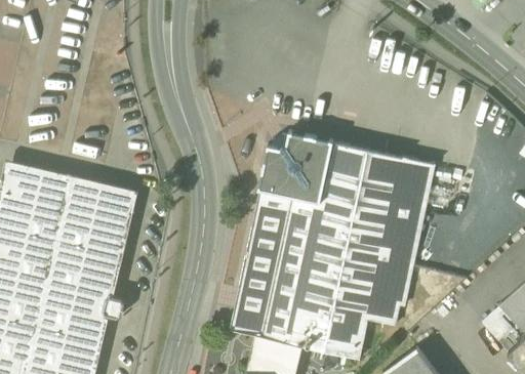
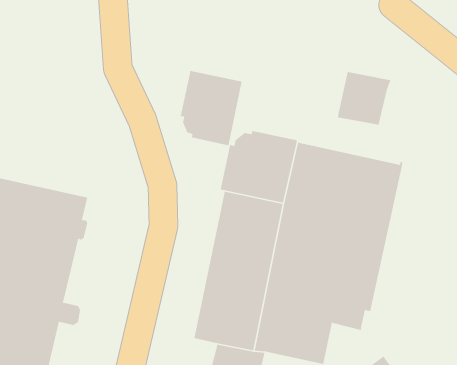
building: none -> [180,70,242,146]
building: none -> [337,71,392,125]

